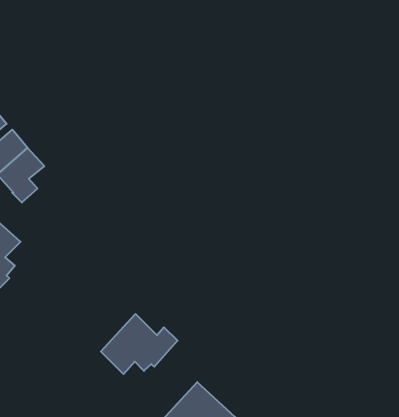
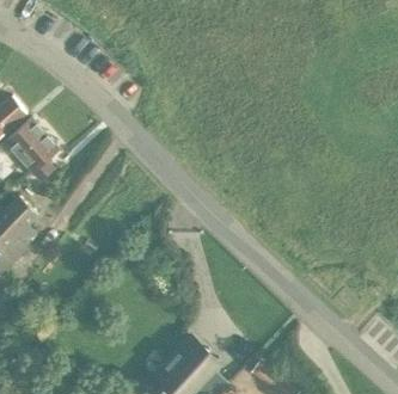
building: [101,314,178,374] -> none

